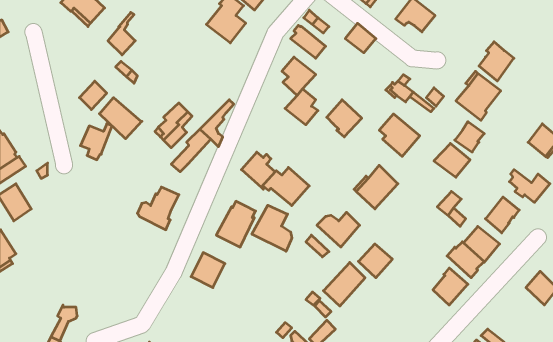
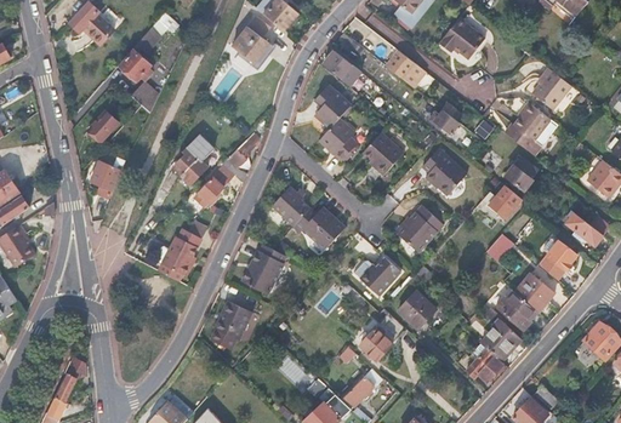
building: [99,98,142,139] -> none
building: [252,205,292,251] -> none
building: none -> [458,342,503,381]

